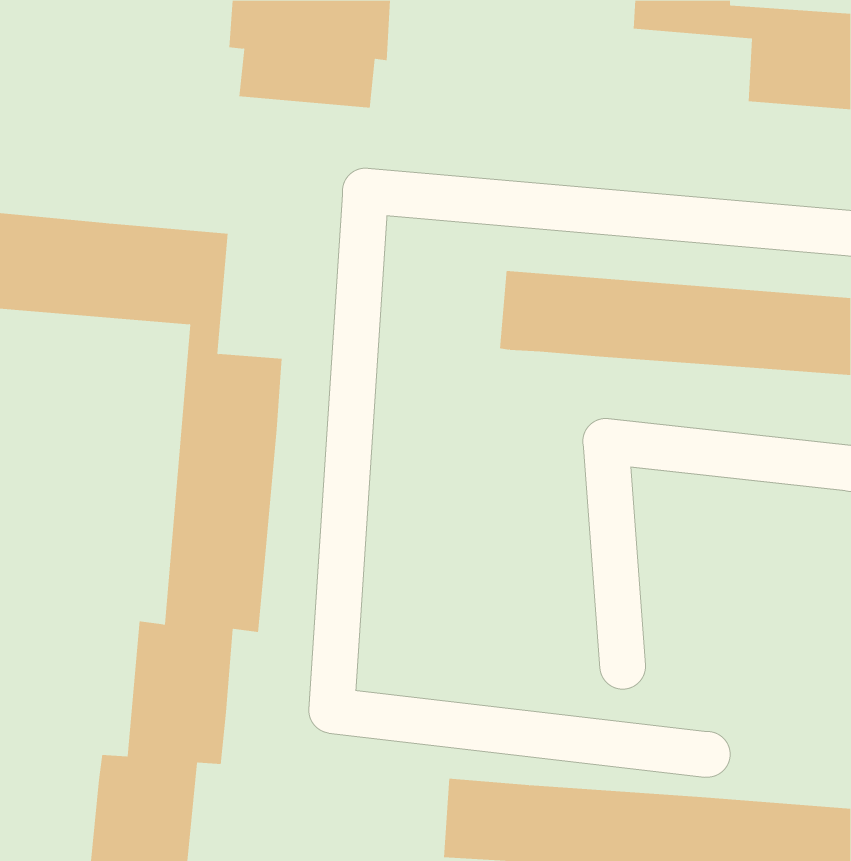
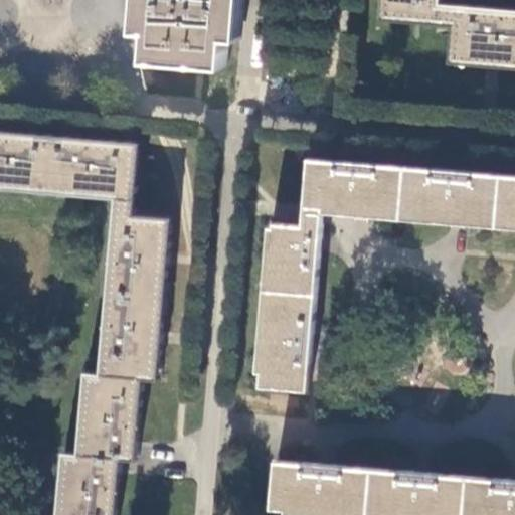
building: none -> [260,210,321,401]

